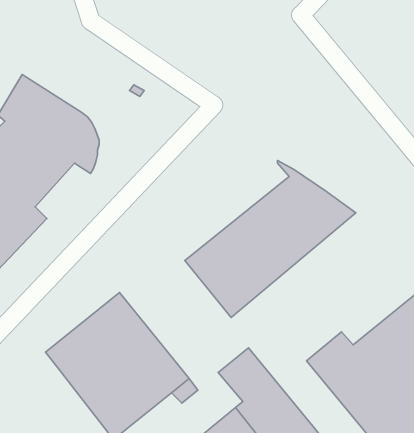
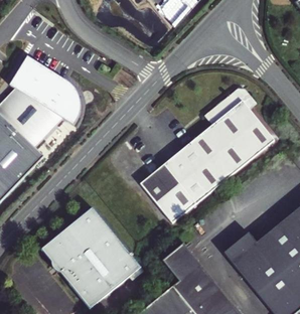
building: none -> [203,88,273,151]

